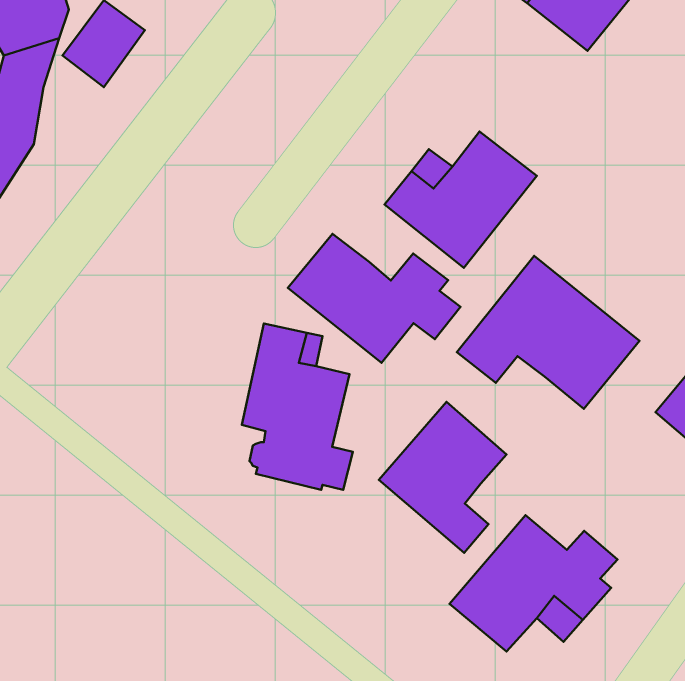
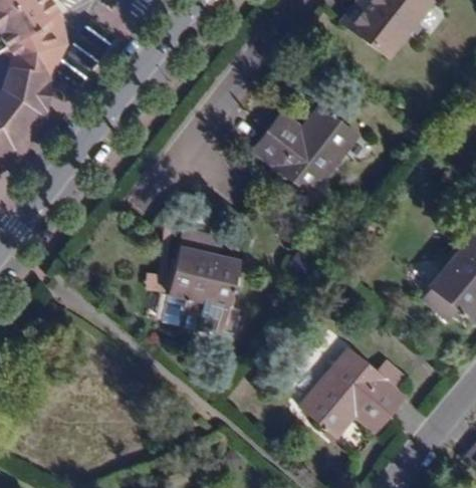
building: [288,234,461,363] -> none
building: [457,256,640,409] -> none
building: [379,402,507,553] -> none

